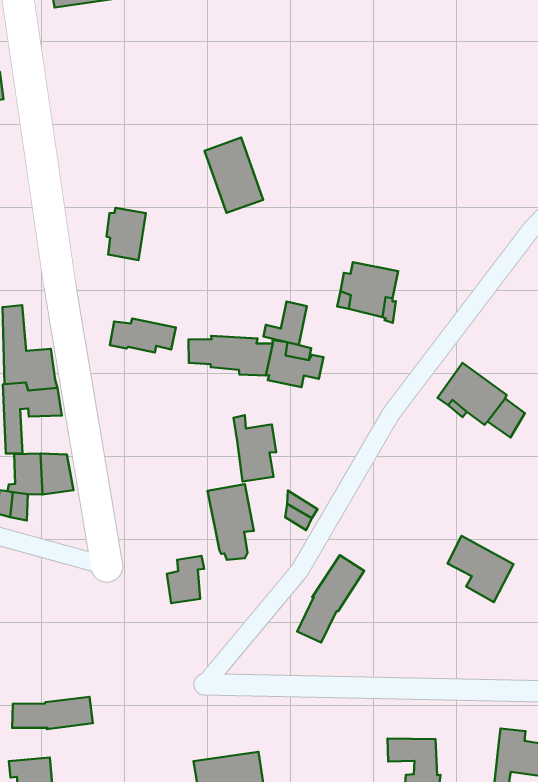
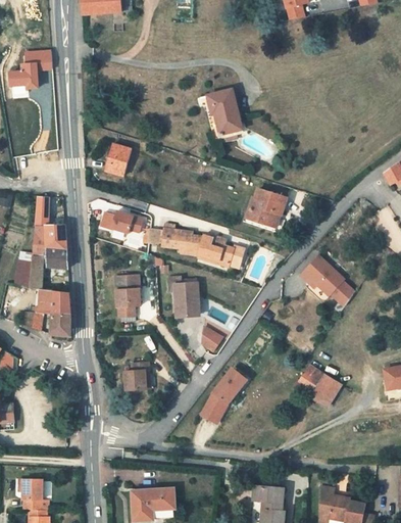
building: [204,138,263,213] -> [207,90,241,136]
building: [263,301,307,345] -> [218,243,247,271]
building: [207,484,254,560] -> [114,277,141,323]
building: none -> [51,315,71,337]
building: [12,697,93,729] -> none

